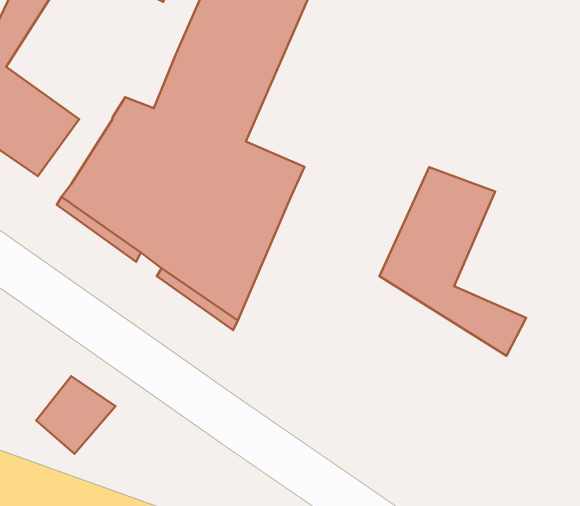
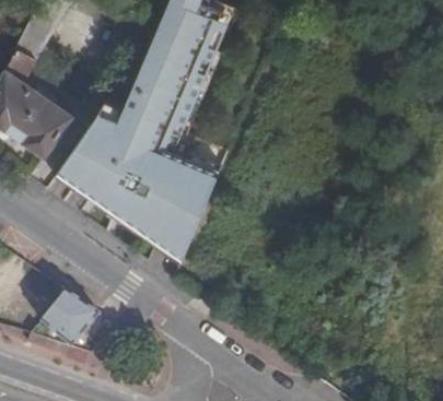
building: [380,167,526,356] -> none

